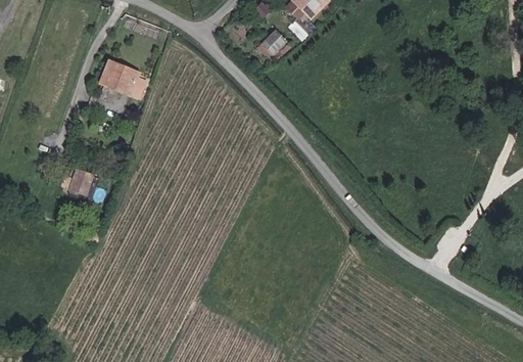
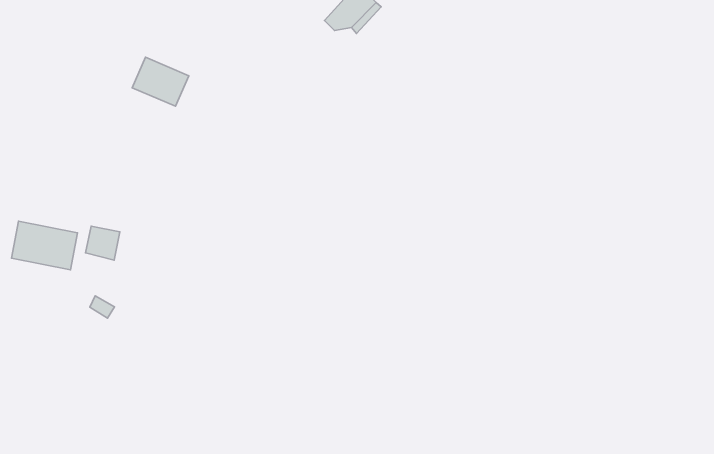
building: none -> [11,221,77,270]

